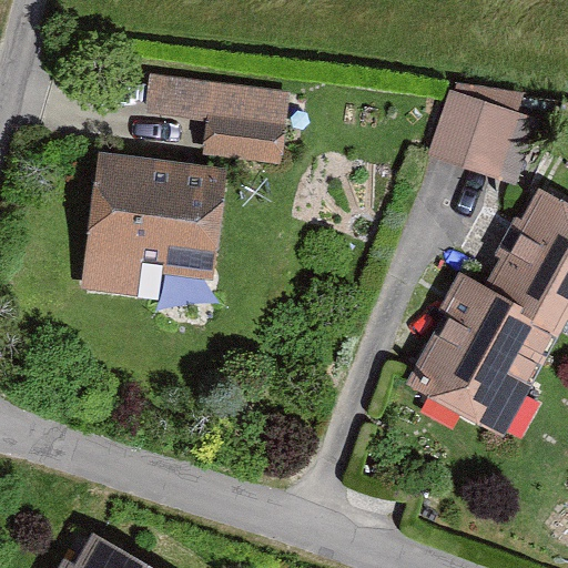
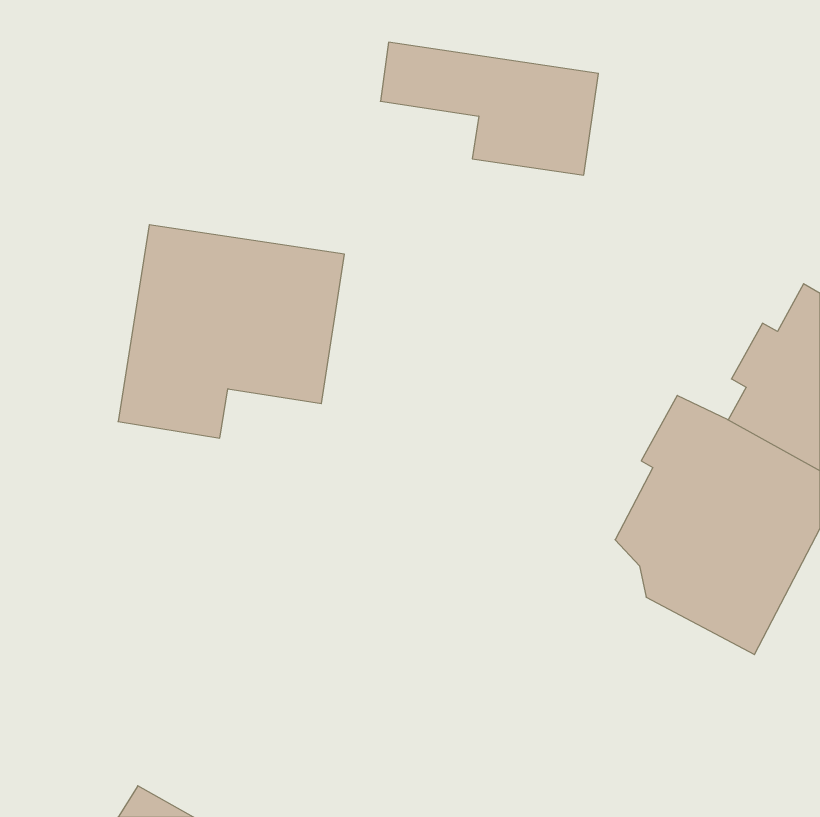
building: [141,72,288,162] -> [380,42,598,175]
building: [429,92,523,179] -> none

